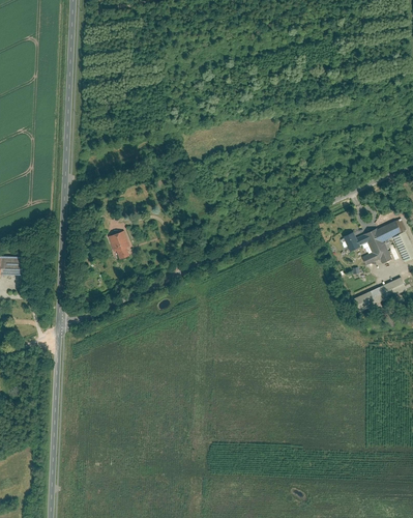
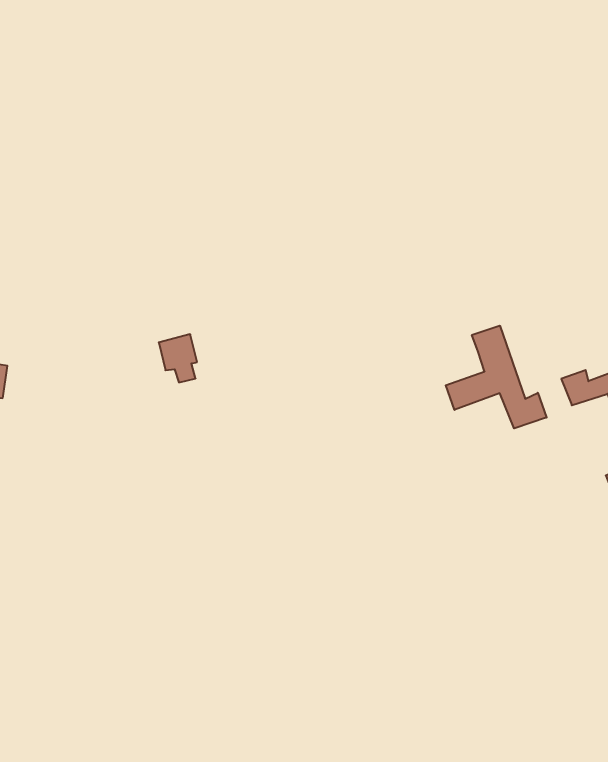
building: none -> [446,326,547,428]

